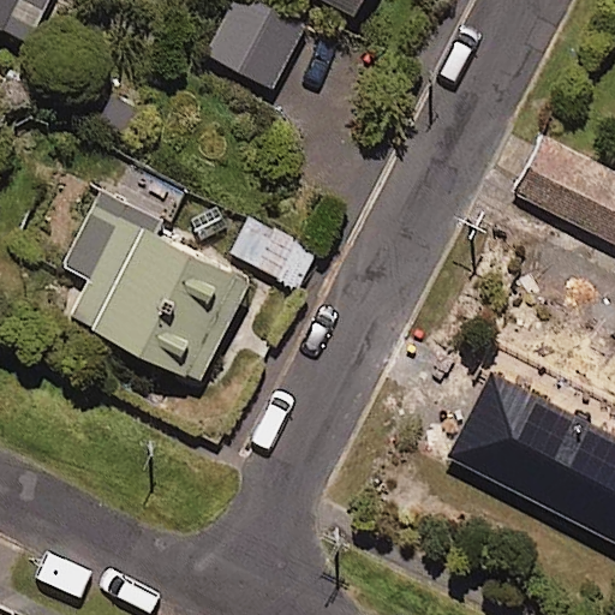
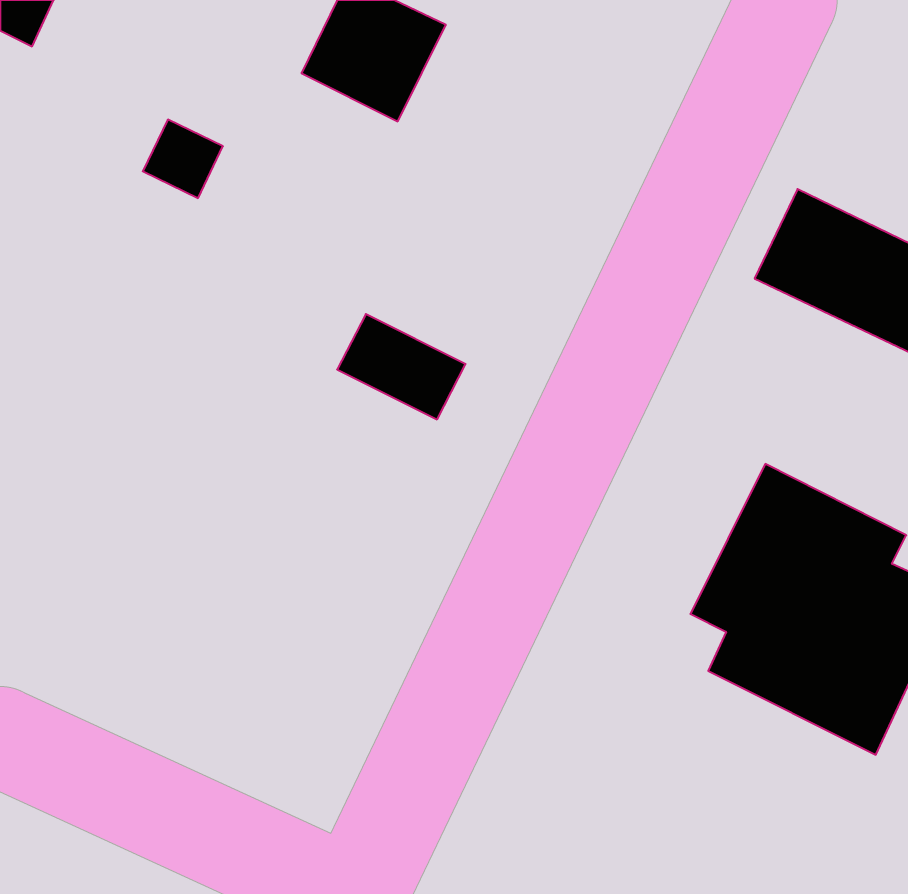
building: [60,166,247,383] -> none

